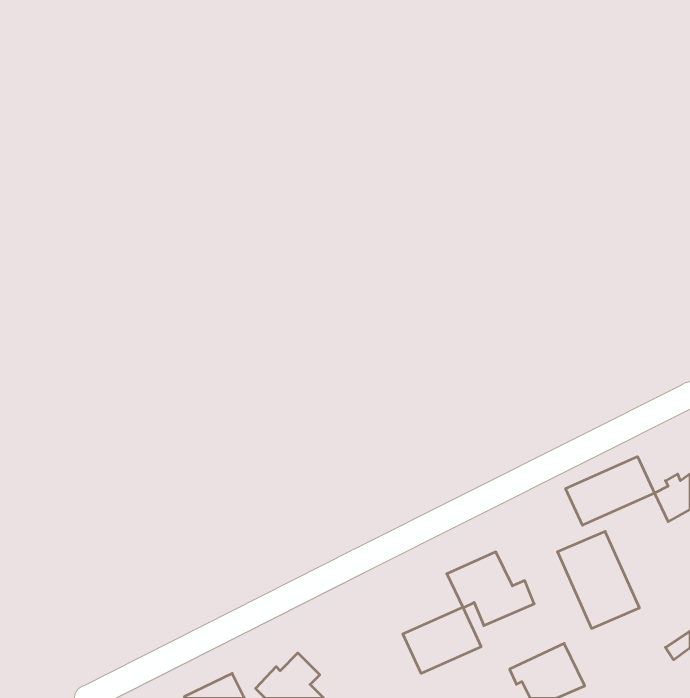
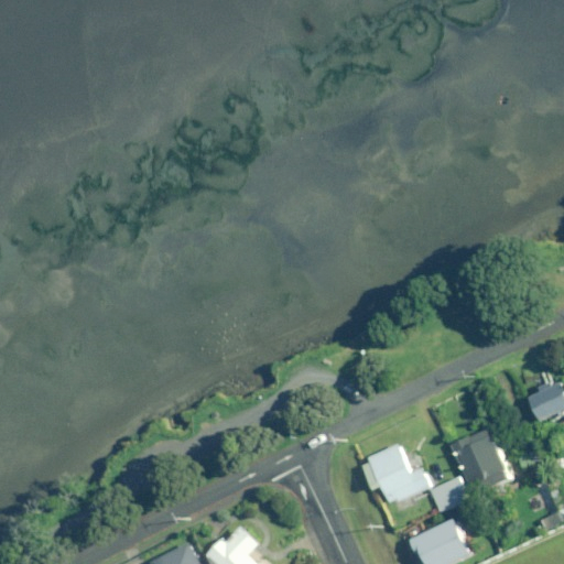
building: [566,457,654,525] -> none
building: none -> [430,477,468,511]
building: [403,607,481,673] -> none

